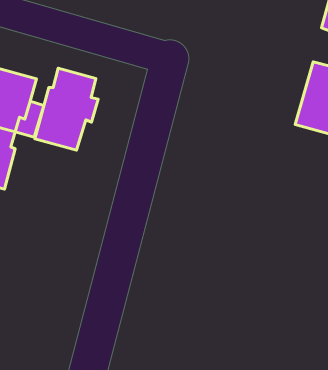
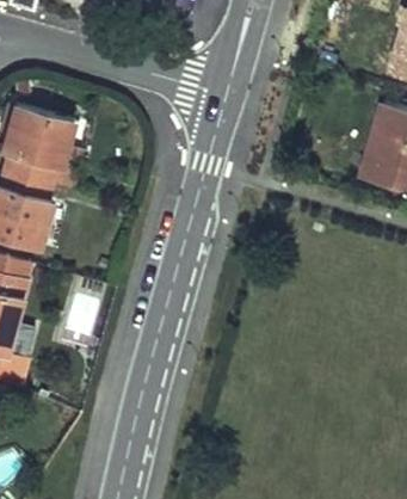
building: [35,68,98,150] -> none

